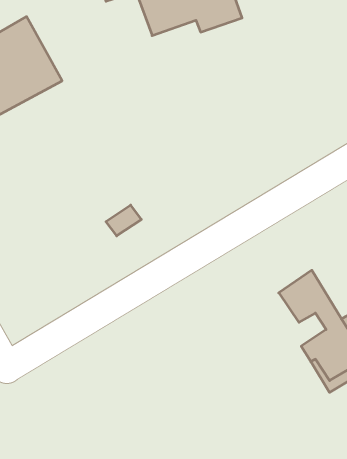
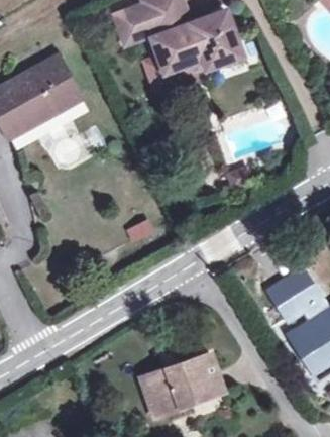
building: none -> [140,355,220,414]

